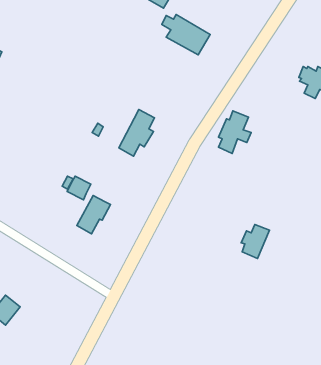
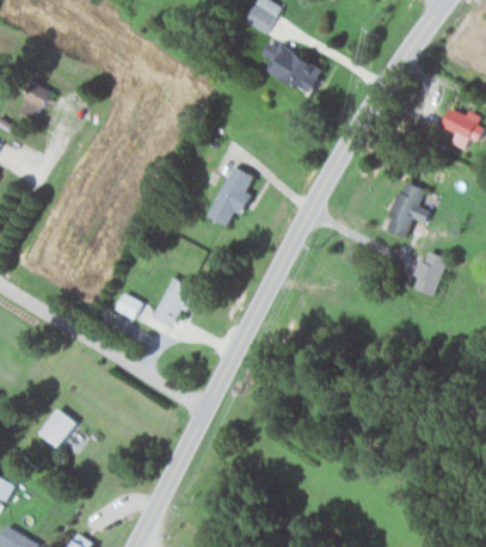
building: [218,111,251,154] -> [386,182,429,238]
building: [67,176,91,200] -> [110,291,141,322]
building: [241,225,269,258] -> [410,253,447,297]

